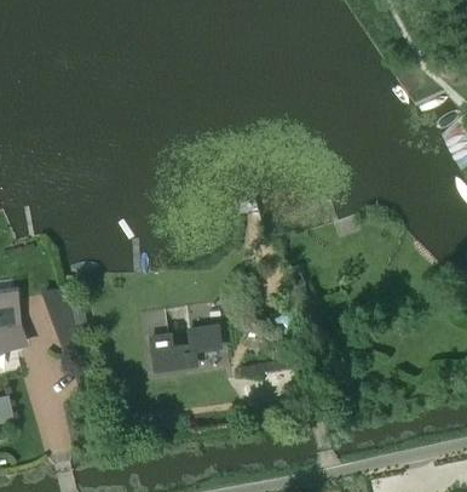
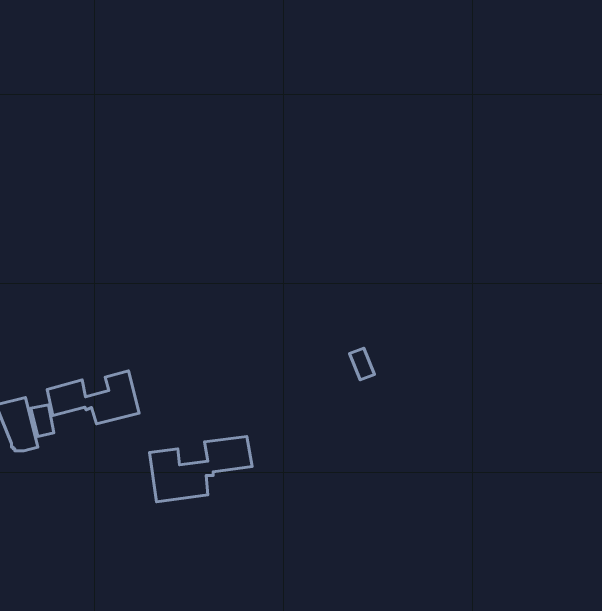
building: none -> [47,371,139,424]

